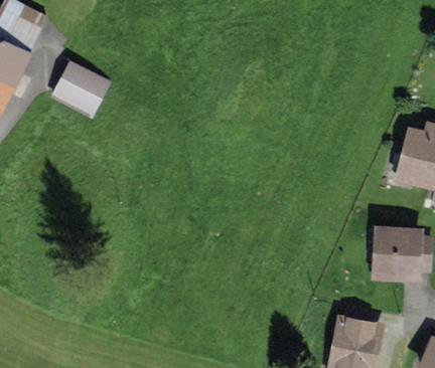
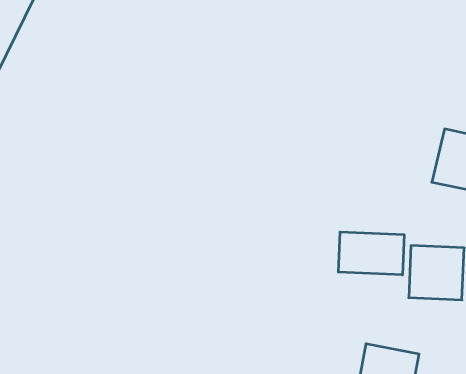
building: [58,60,112,109] -> none
building: none -> [338,232,404,275]

